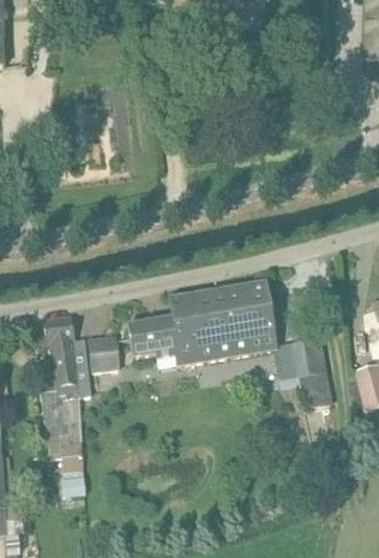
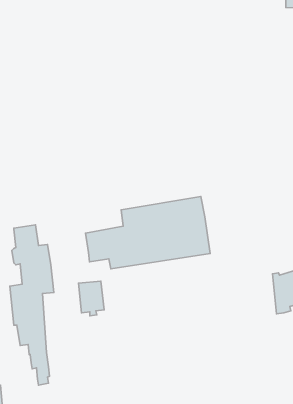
building: [89,334,119,374] -> [79,281,104,316]
building: [275,337,333,408] -> none

